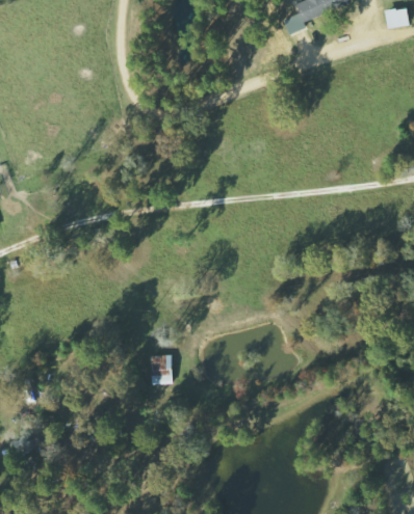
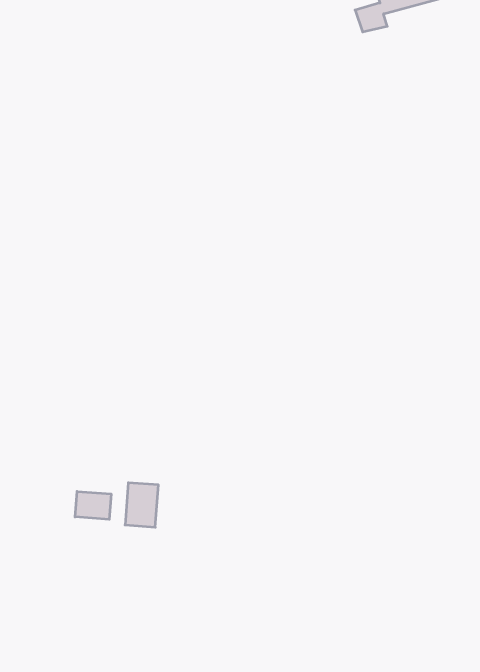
building: none -> [75,491,111,519]

